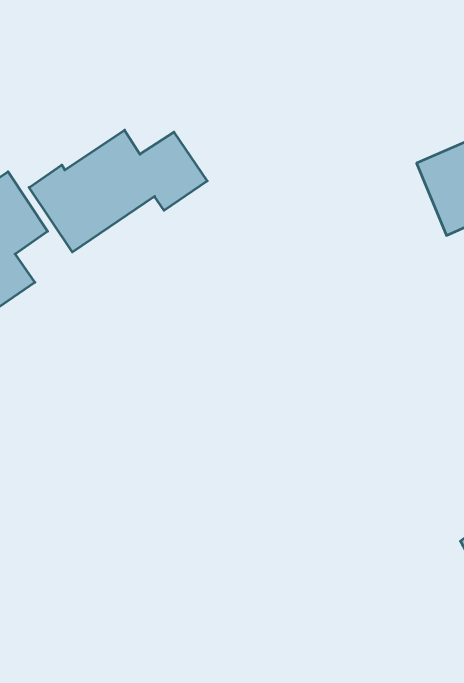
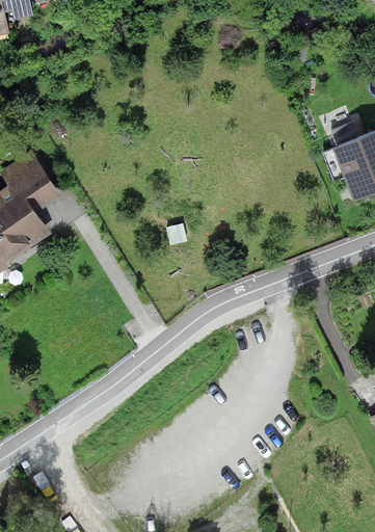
building: [29,130,207,252] -> none

